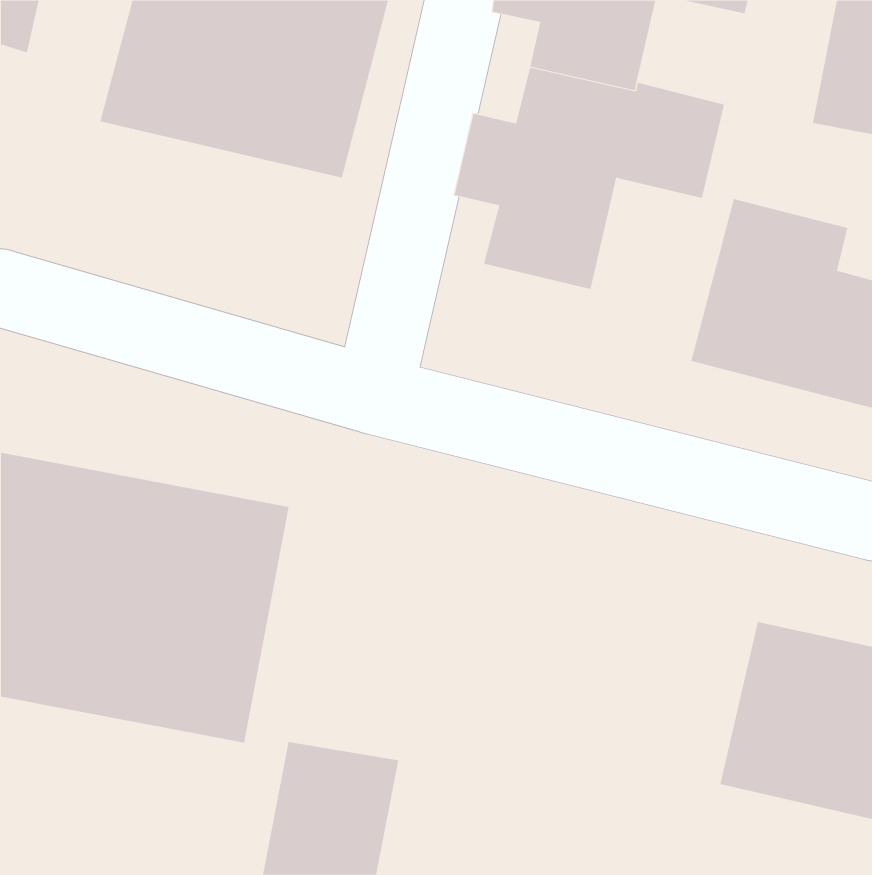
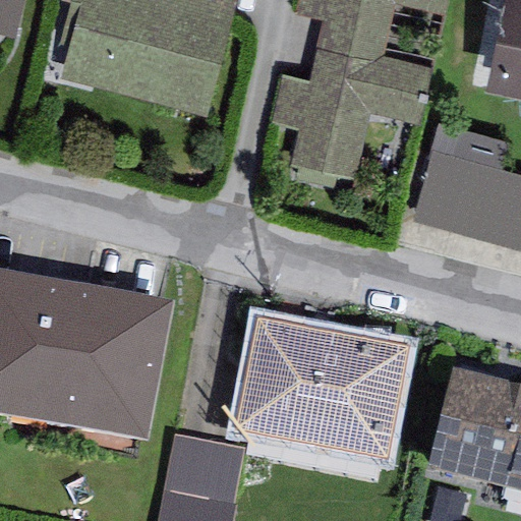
building: none -> [231,320,408,461]

